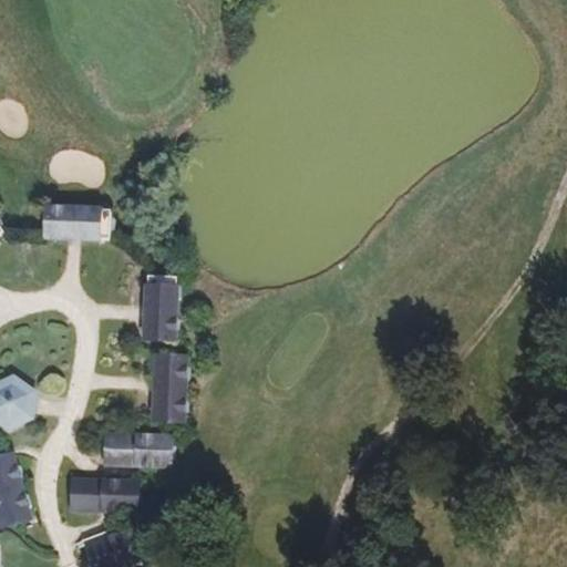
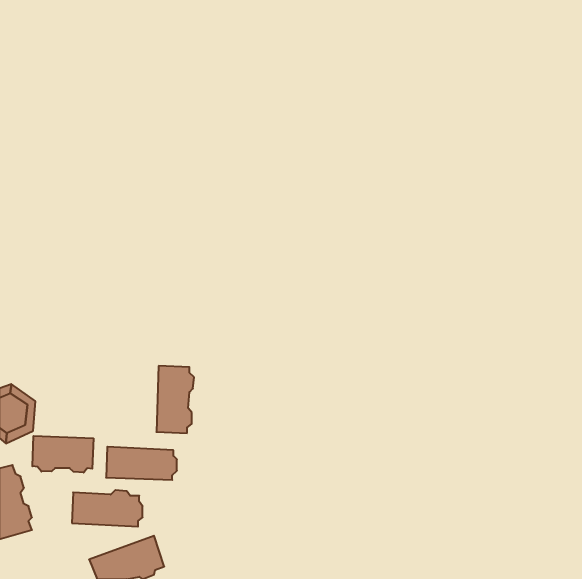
building: [43,207,112,240] -> none
building: [143,275,178,340] -> none
building: none -> [32,436,93,473]

